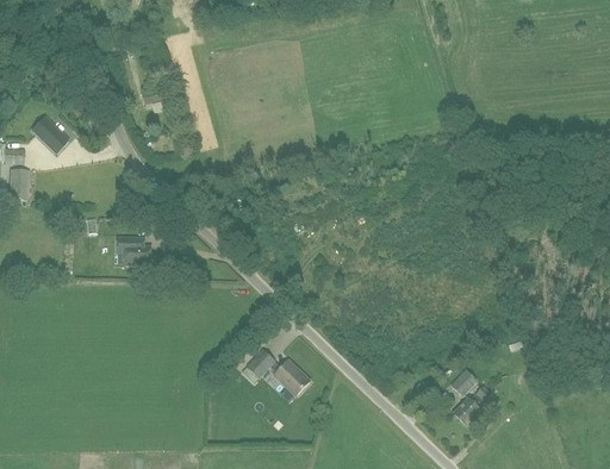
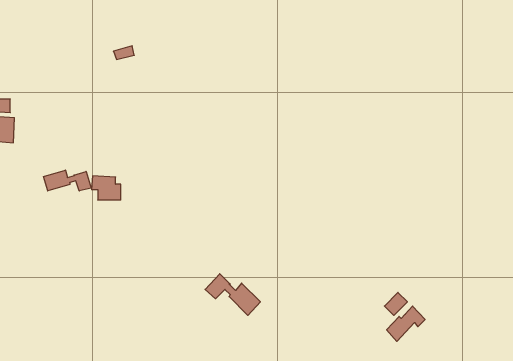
building: [30,115,66,150] -> none
building: none -> [44,170,91,191]

